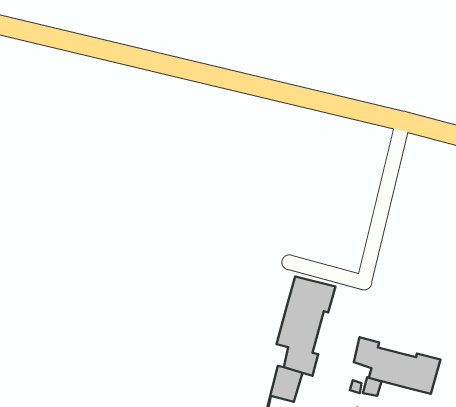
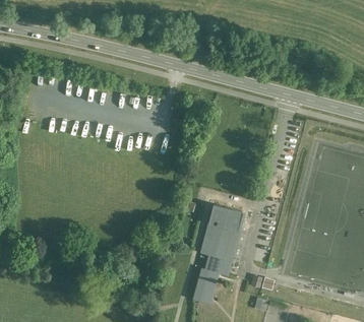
building: [354,337,441,394] -> none

